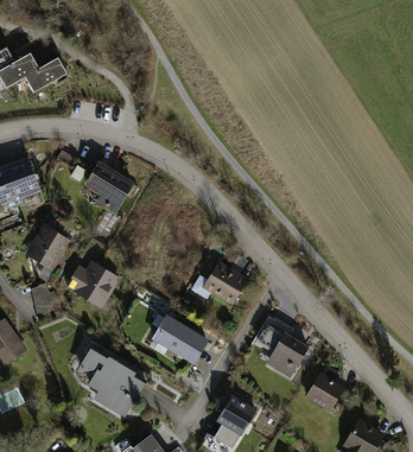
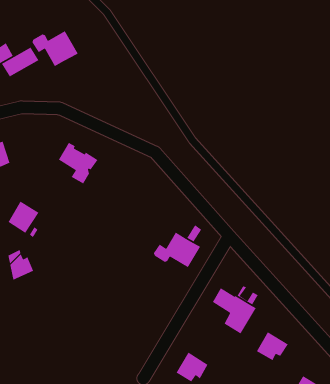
building: none -> [32,30,79,67]
building: [66,266,115,303] -> none
building: [153,317,206,362] -> none
building: [80,346,145,410] -> none

